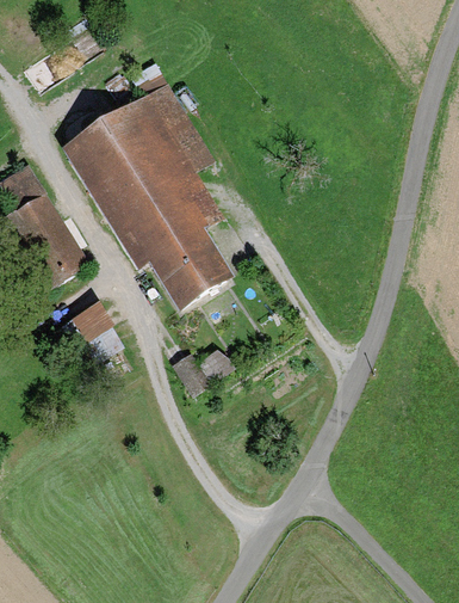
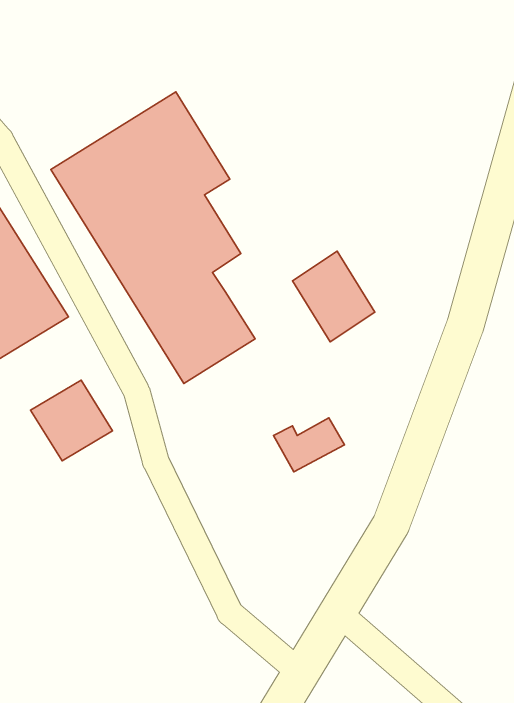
building: none -> [292,251,375,342]
building: [174,351,228,392] -> [273,418,345,472]

